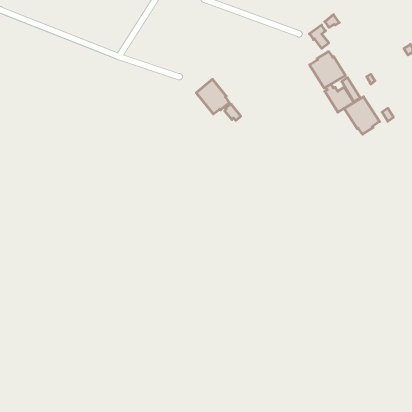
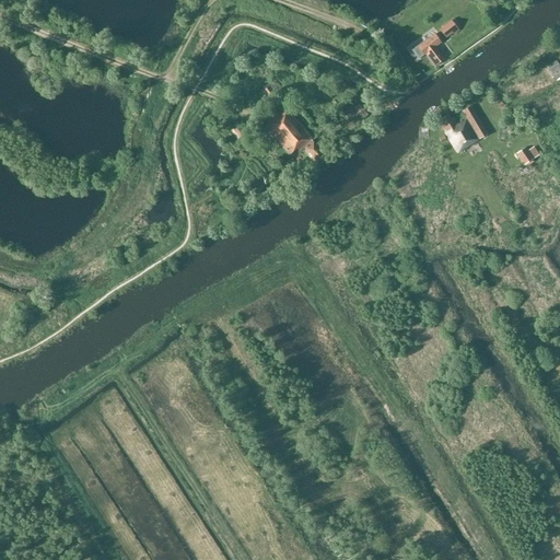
building: [310,52,345,88] -> none
building: [344,97,380,134] -> none

